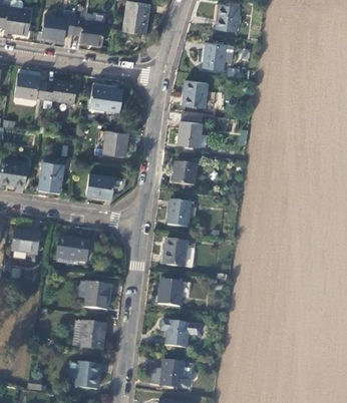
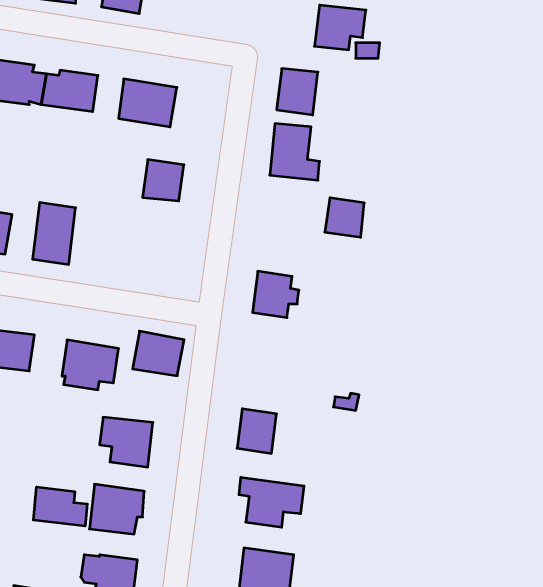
building: [172,159,196,182] -> [325,198,364,237]
building: [85,173,115,199] -> [133,331,184,376]
building: [161,237,187,265] -> none
building: none -> [33,487,87,526]

